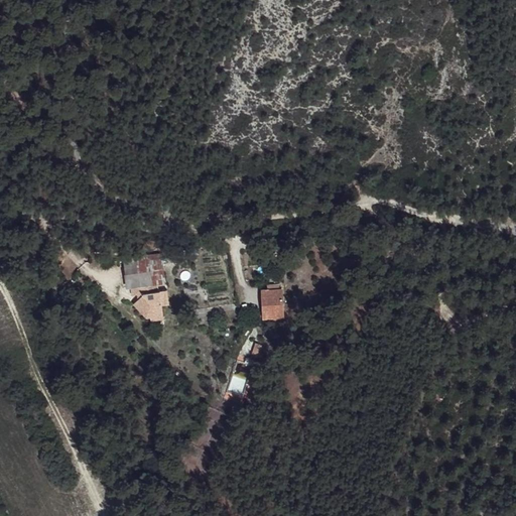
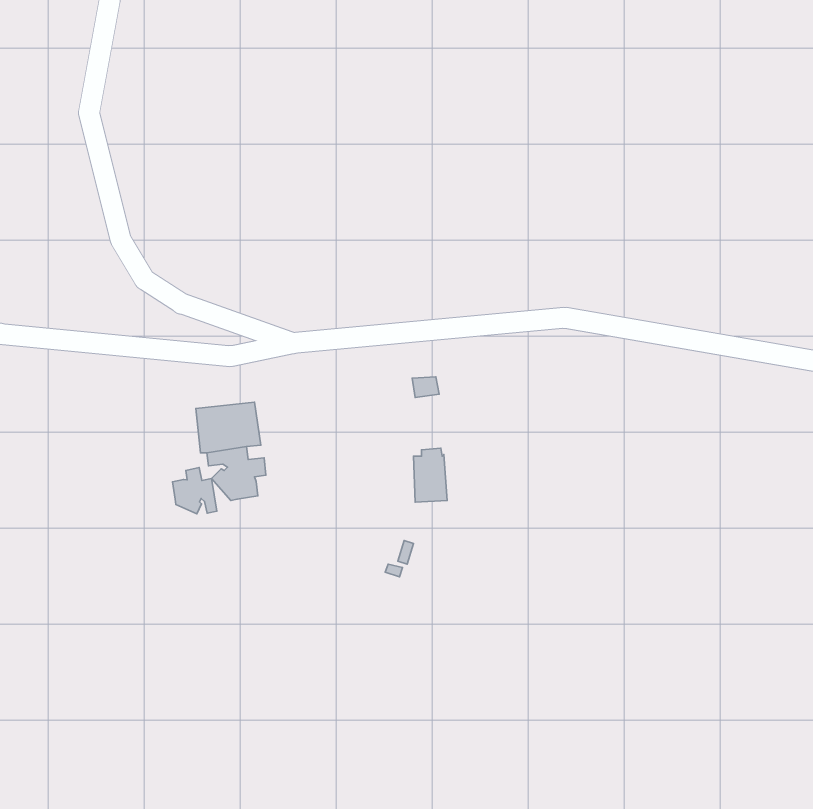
building: none -> [172,467,217,514]

